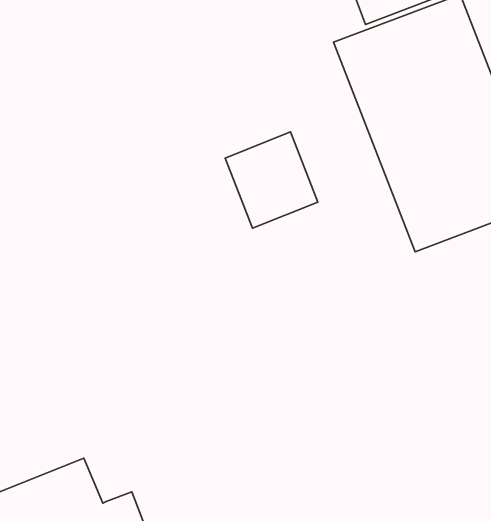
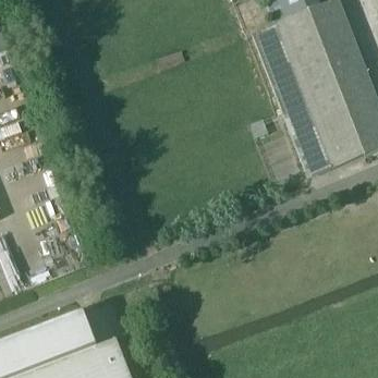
building: [225,132,318,228] -> none

